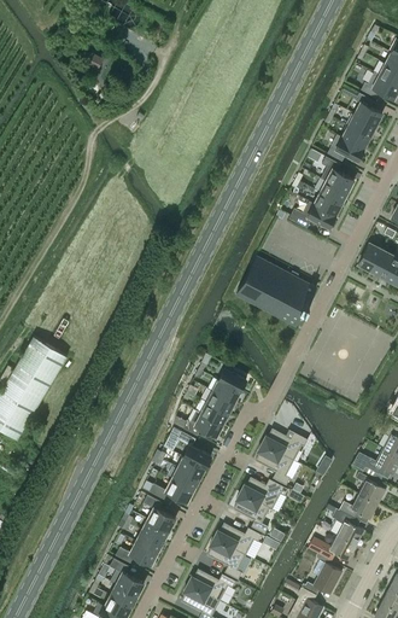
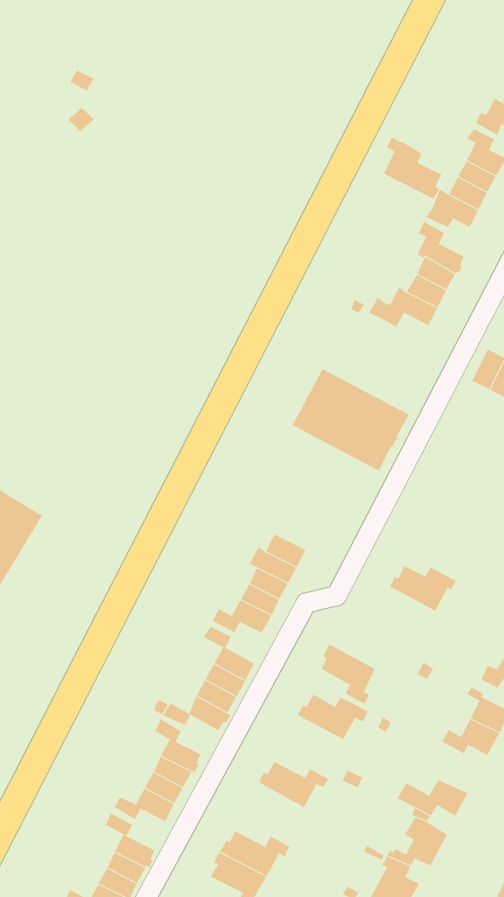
building: none -> [383,137,442,199]
building: [262,428,308,460] -> [389,565,457,611]
building: [234,491,271,534] -> none
building: [334,509,363,544] -> none
building: [207,537,242,579] -> none

